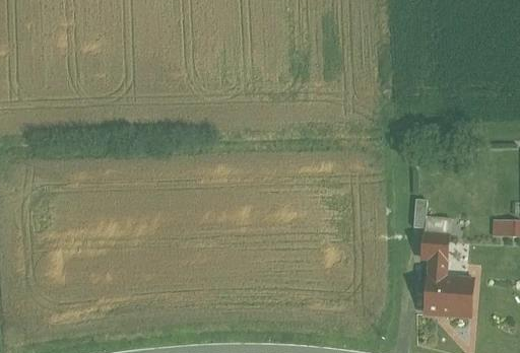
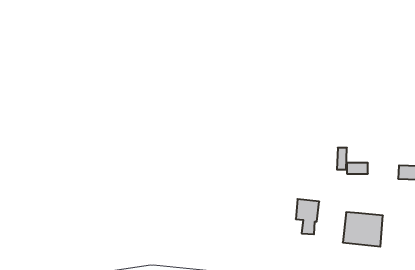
building: [421,233,450,276] -> [296,199,319,234]

